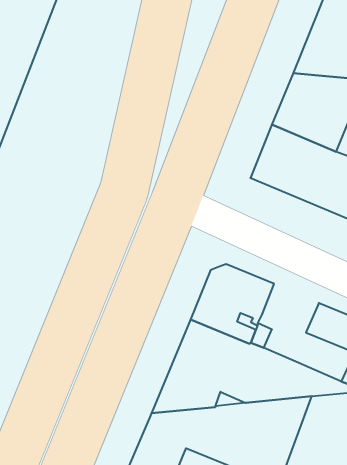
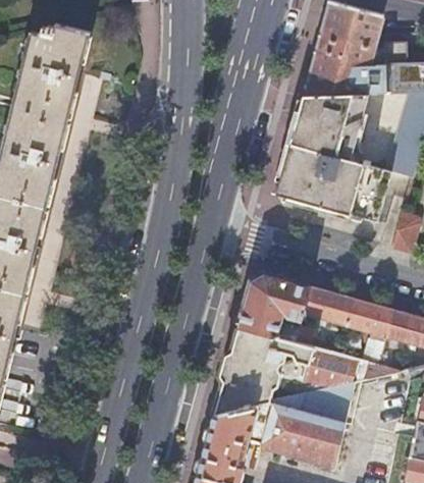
building: none -> [303,286,352,336]

